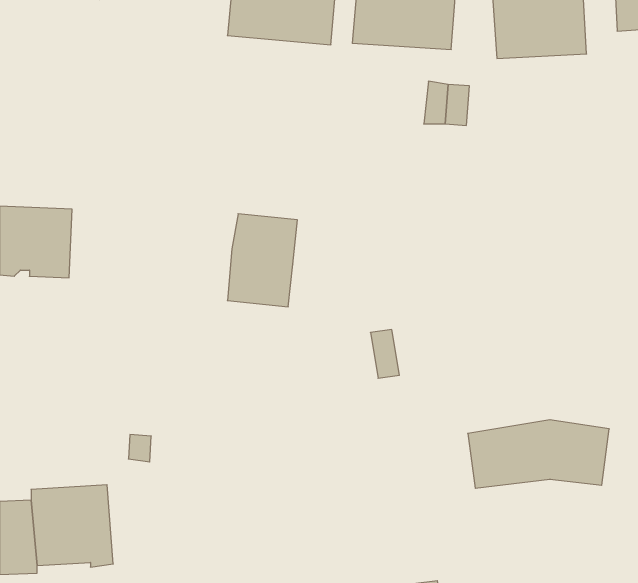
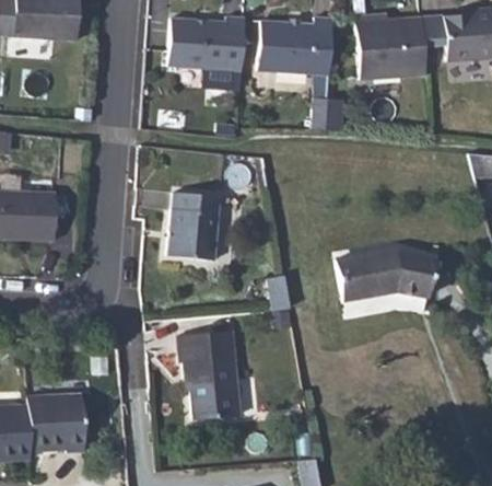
building: none -> [179,333,237,417]
building: [468,420,609,488] -> [339,250,441,299]

